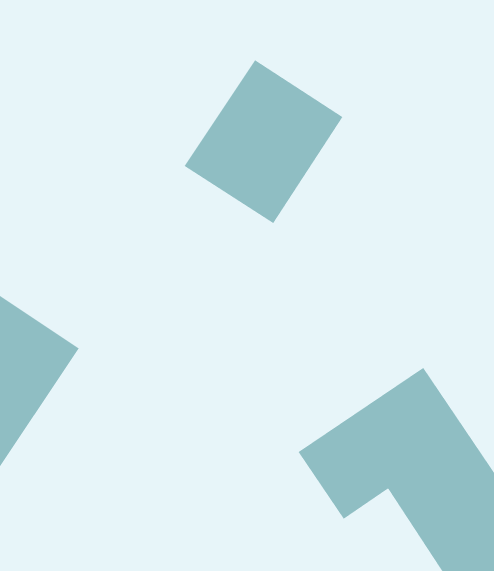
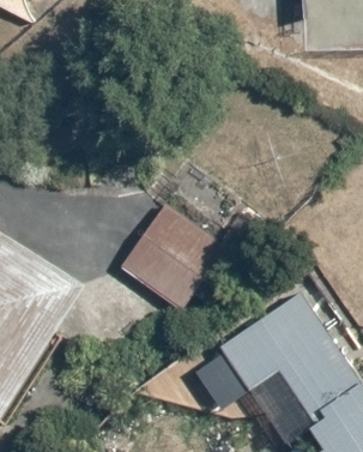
building: [184,59,343,224] -> [120,194,232,311]

